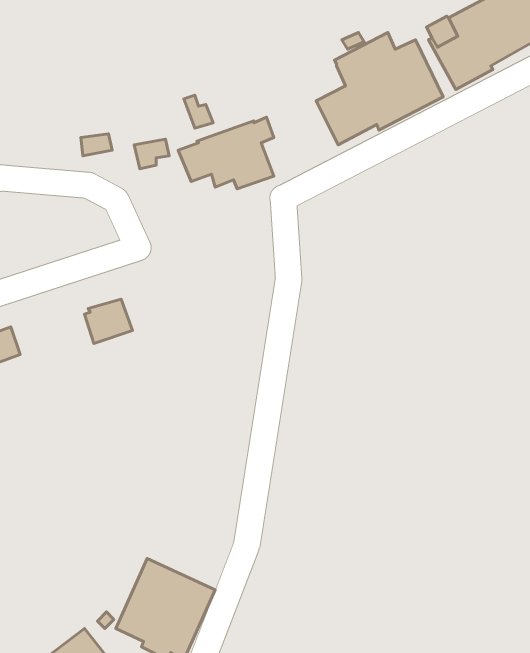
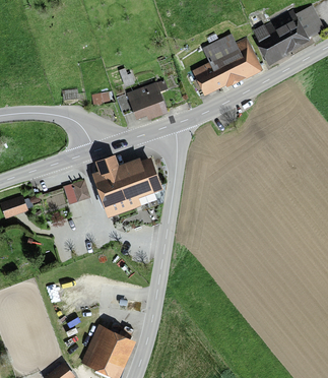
building: none -> [92,153,162,217]

